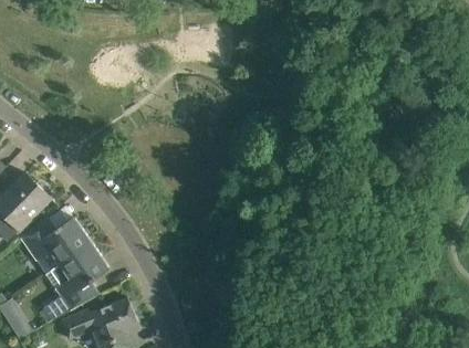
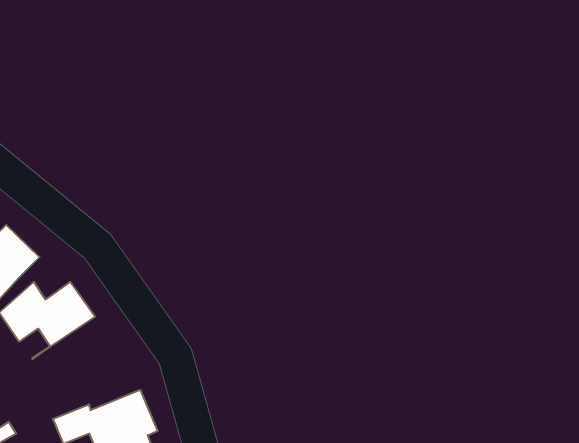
building: [42,242,110,320] -> none

